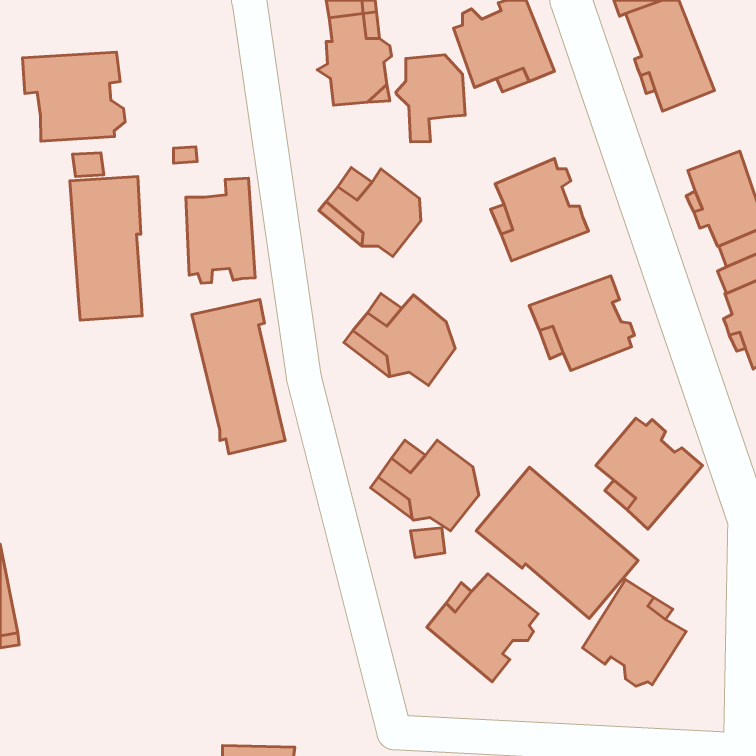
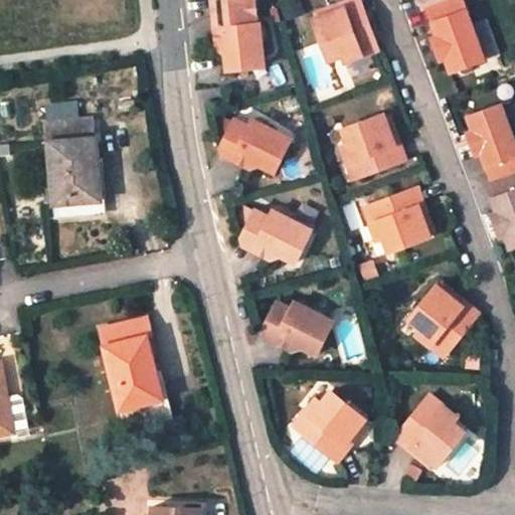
building: [23,52,125,141] -> none
building: [396,55,465,142] -> none
building: [186,178,255,283] -> none
building: [192,300,285,454] -> [102,320,165,424]
building: [476,467,638,618] -> none

